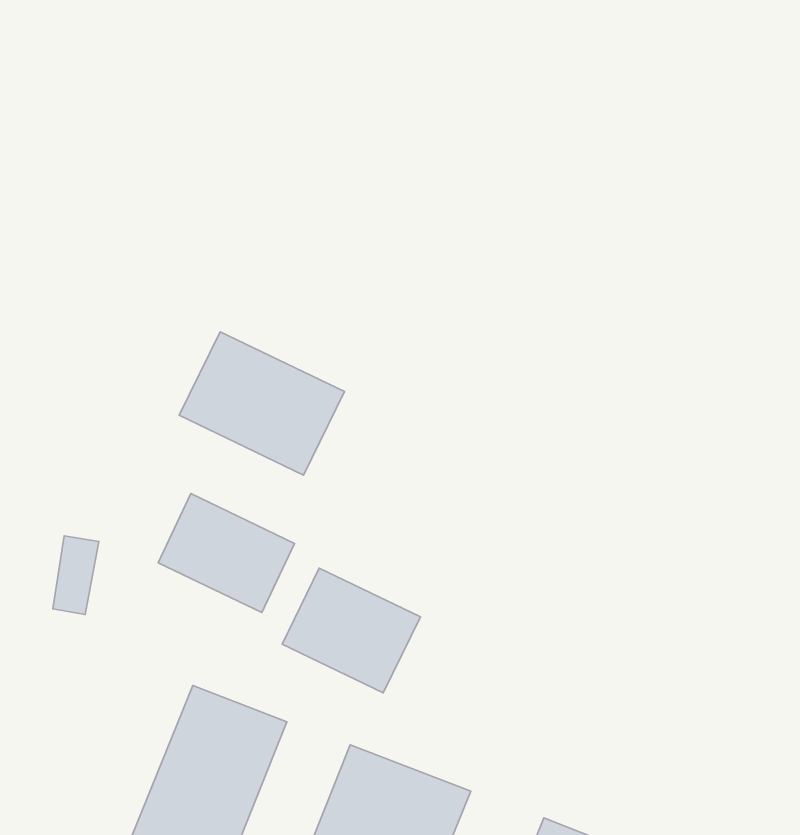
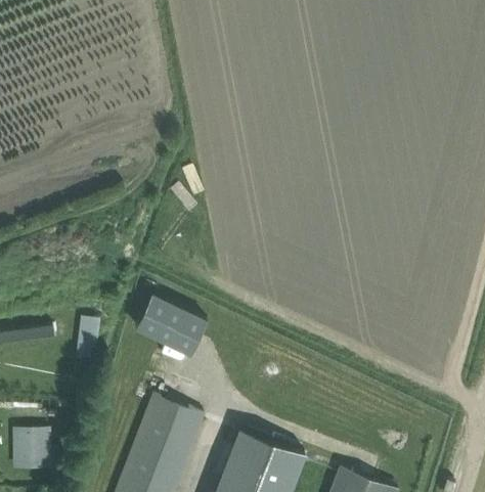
building: [179,332,344,475] -> none
building: [282,568,420,693] -> none

